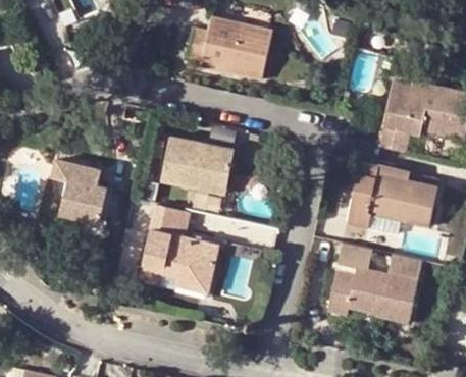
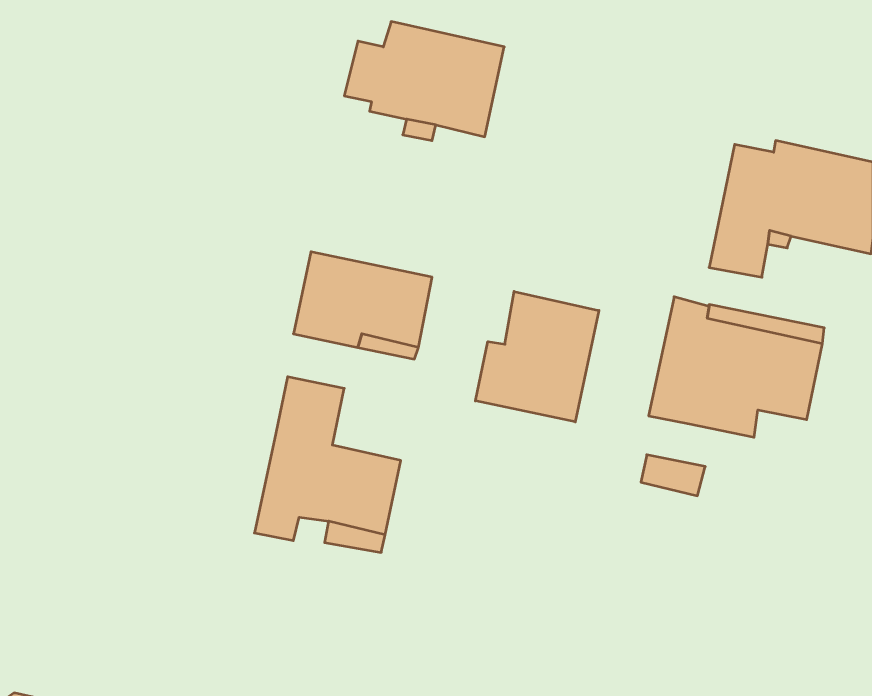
building: none -> [475,291,599,422]
building: [53,161,107,223] -> none
building: [328,254,421,322] -> none

